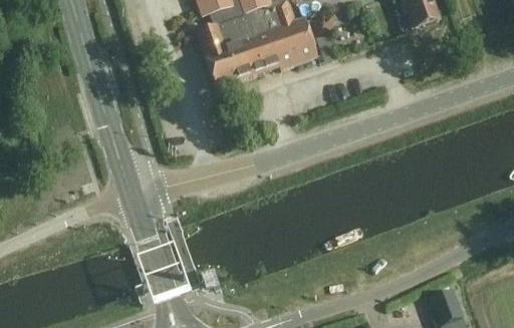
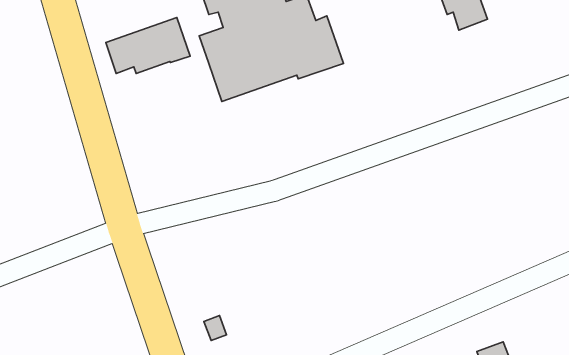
building: none -> [106,17,190,74]

